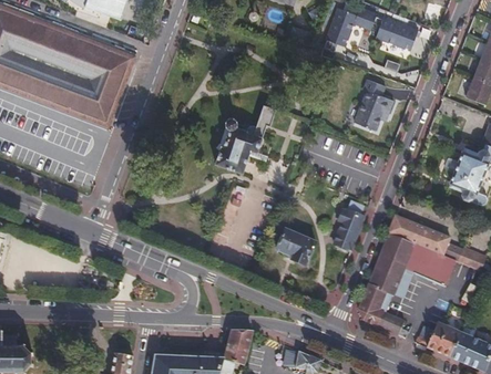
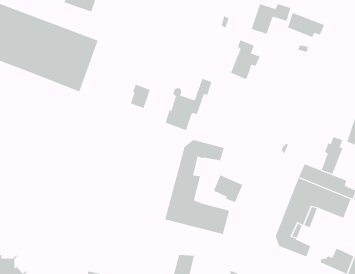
building: [352,77,391,129] -> [230,39,260,80]
building: none -> [130,84,151,109]
building: none -> [164,139,230,235]
building: [334,200,362,249] -> [321,137,343,174]

